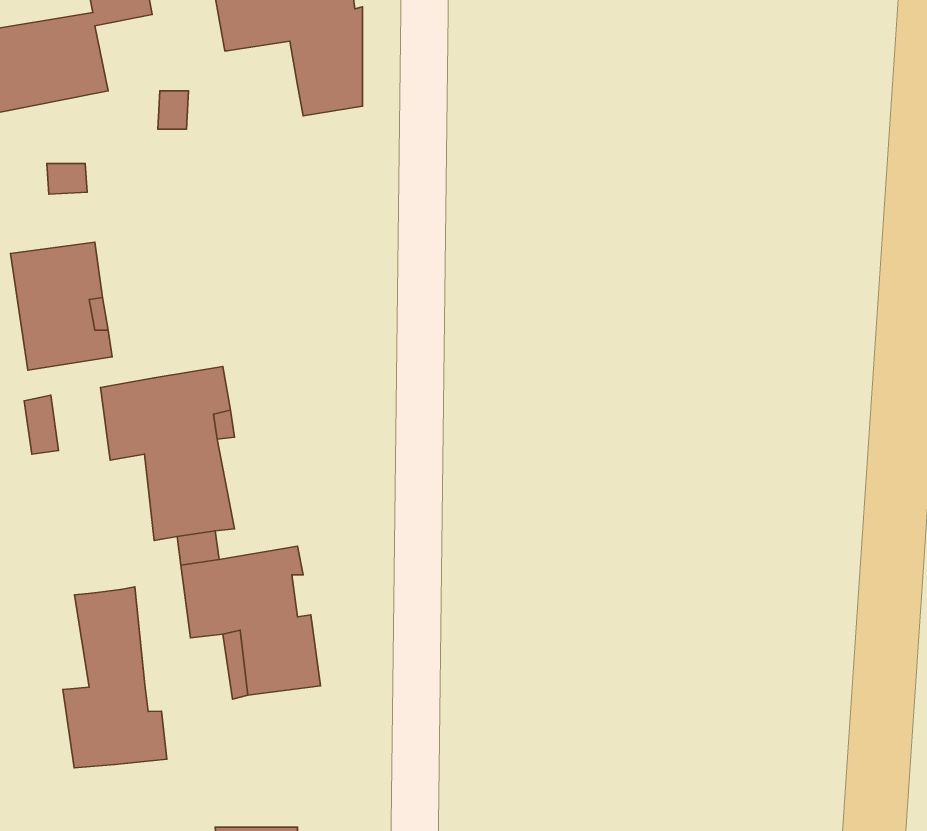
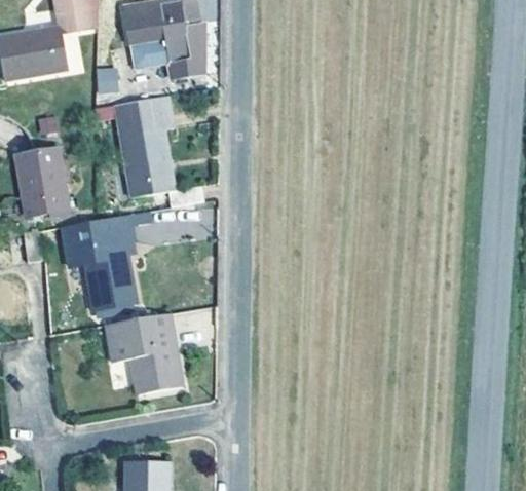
building: none -> [132,40,170,69]
building: none -> [115,95,203,207]
building: [63,587,167,768] -> none

